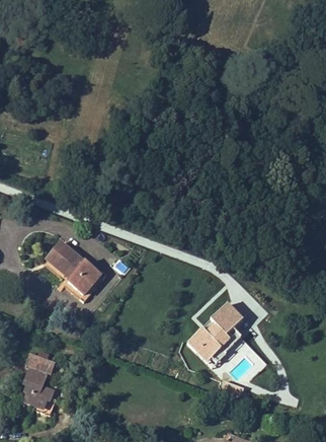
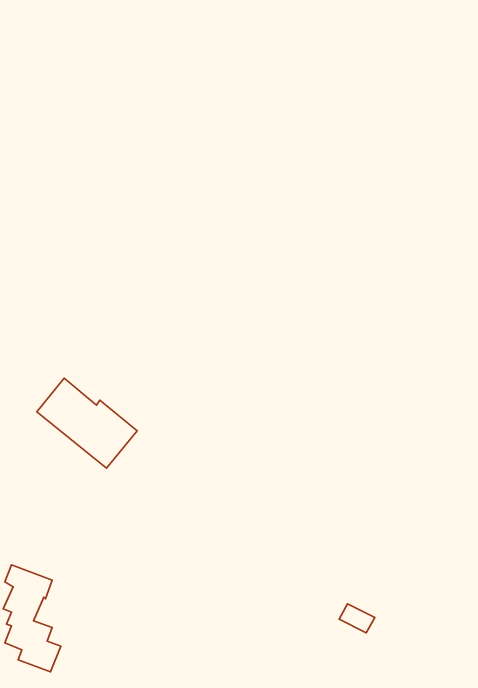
building: [188,300,246,361] -> none

